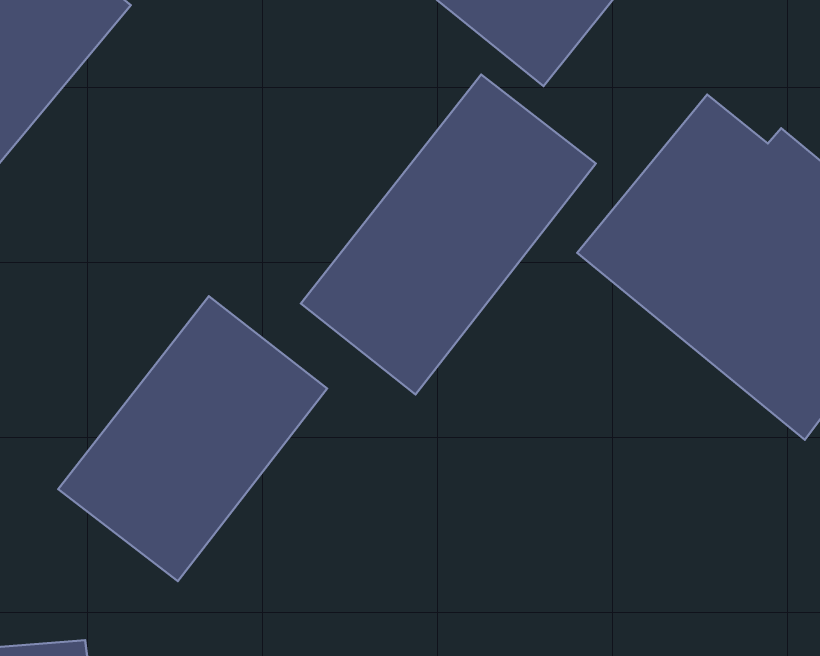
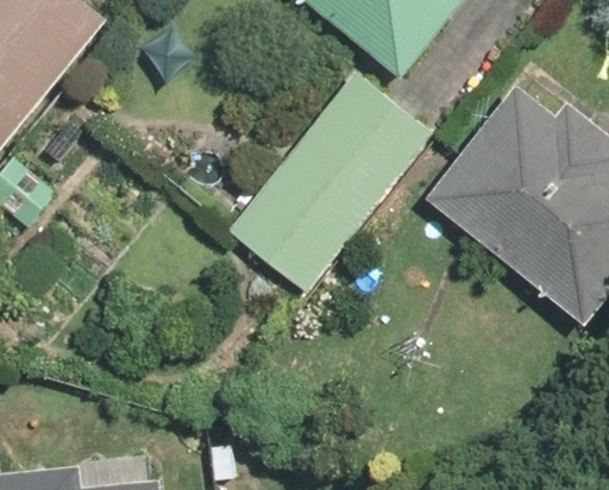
building: [58,296,327,581] -> none

